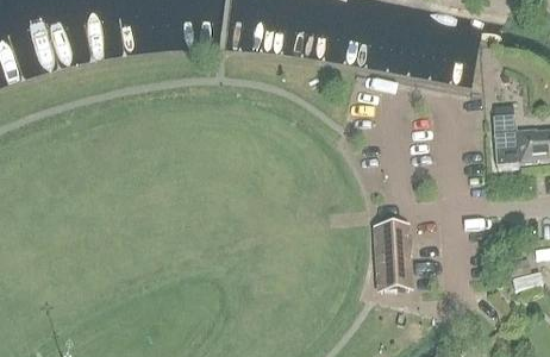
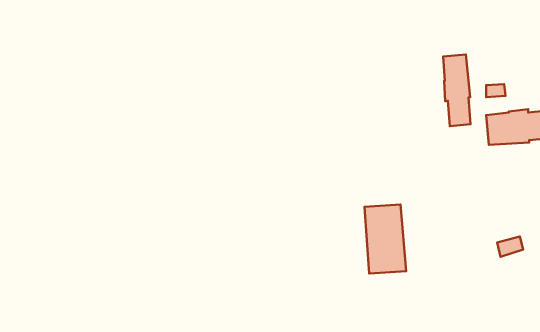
building: none -> [443,54,471,126]

